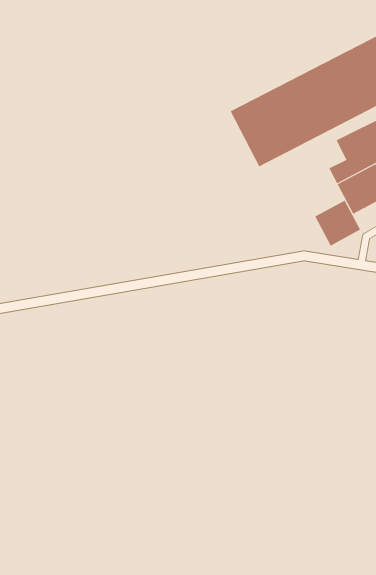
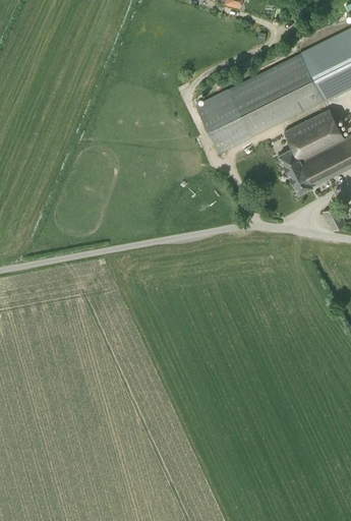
building: [315,200,361,246] -> none

